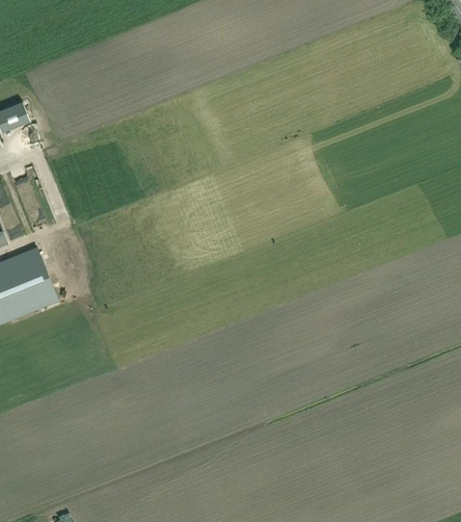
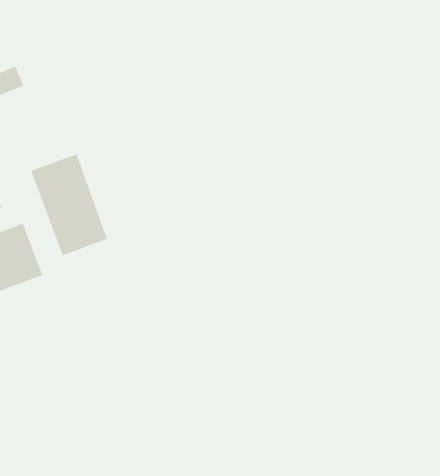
building: none -> [30,154,107,256]

